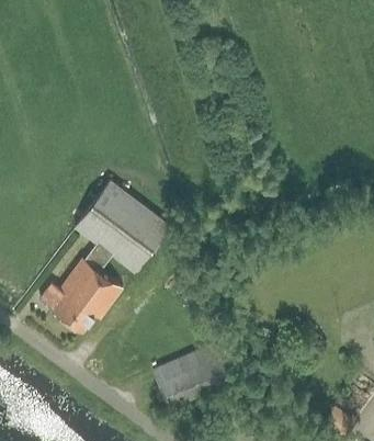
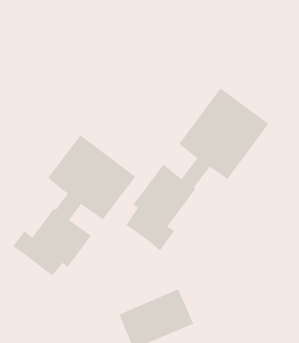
building: none -> [125,88,269,251]

